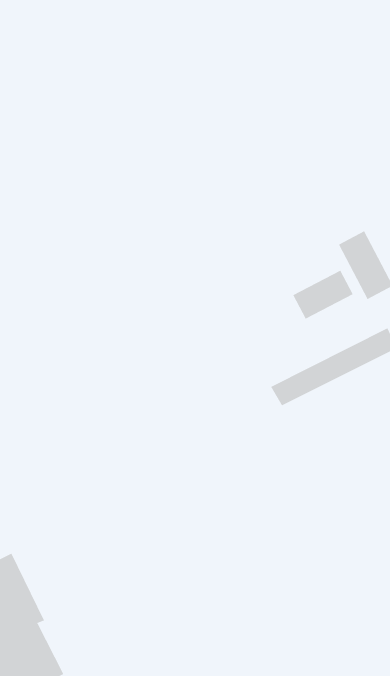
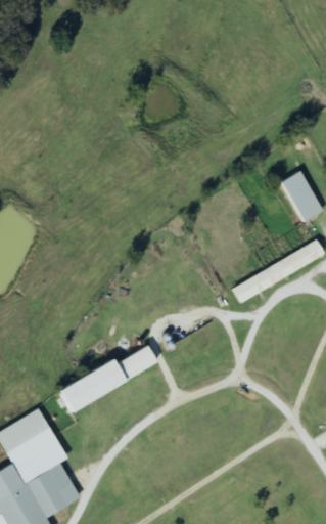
building: [293,270,353,320] -> none
building: none -> [57,346,156,411]

